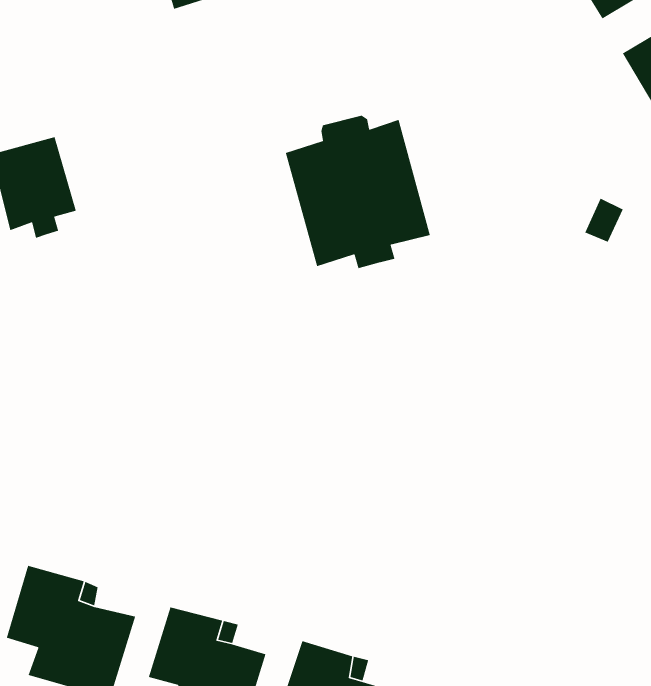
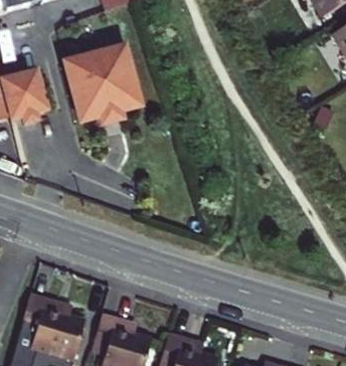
building: [285,115,431,269] -> [70,49,145,128]

